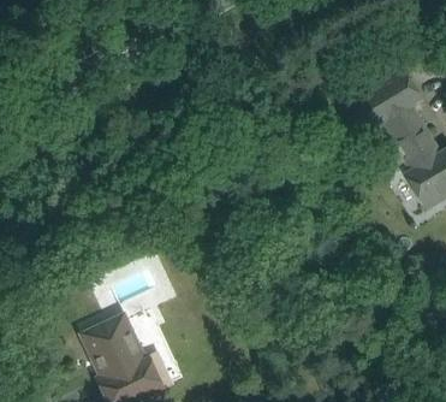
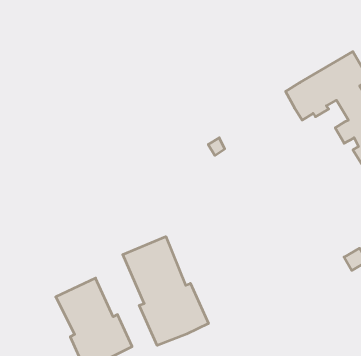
building: none -> [123,237,208,345]

